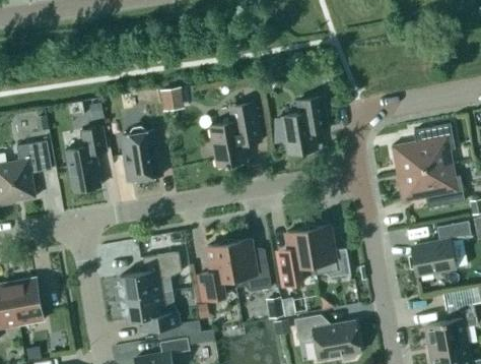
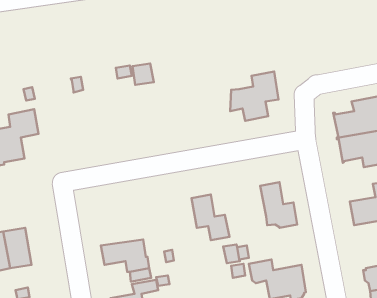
building: [210,103,261,167] -> none
building: [124,126,162,181] -> none
building: [65,127,108,191] -> none
building: [279,229,316,286] -> none
building: [200,243,234,300] -> none
building: [121,251,182,298] -> none

